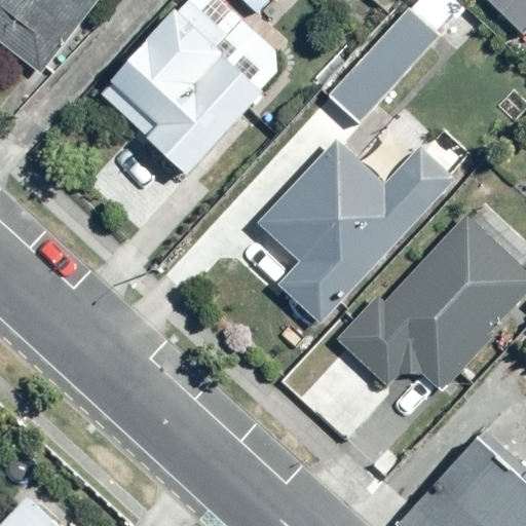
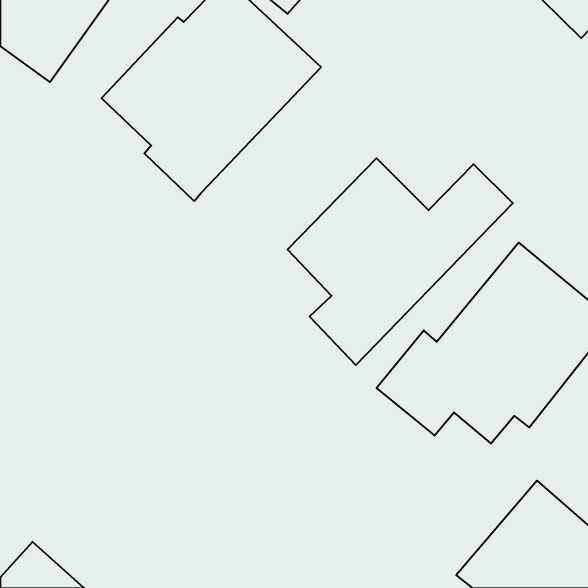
building: [325,5,441,124] -> none

